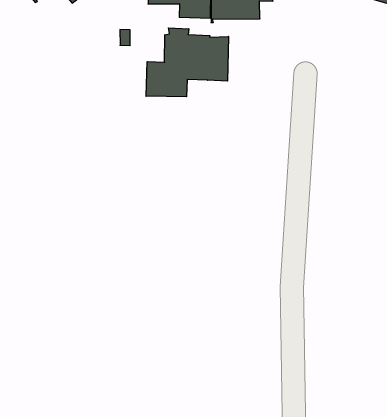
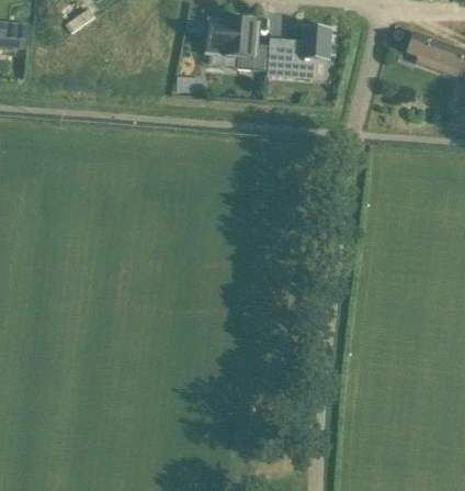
building: [146,28,228,97] -> none

